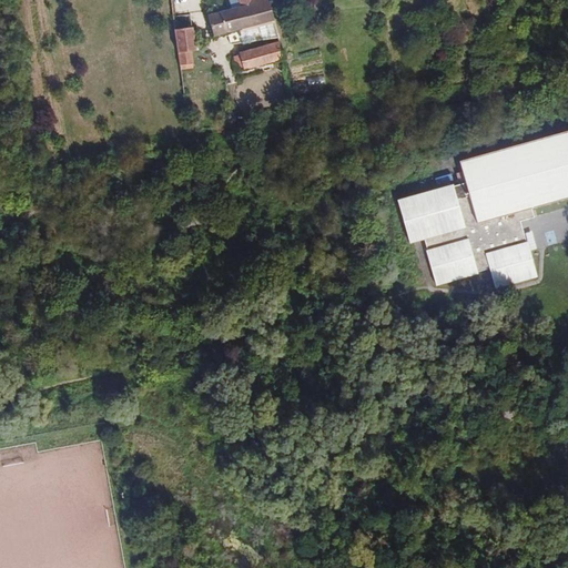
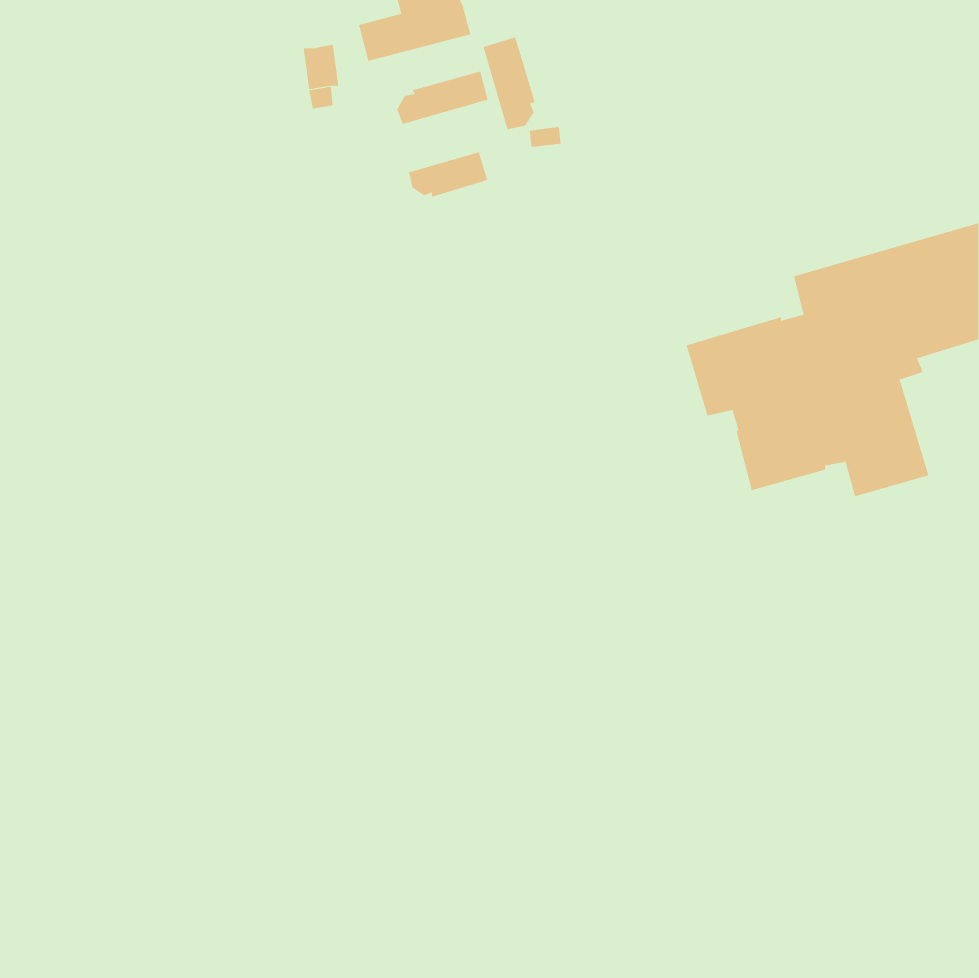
building: none -> [483,36,536,130]
building: none -> [408,151,488,198]

